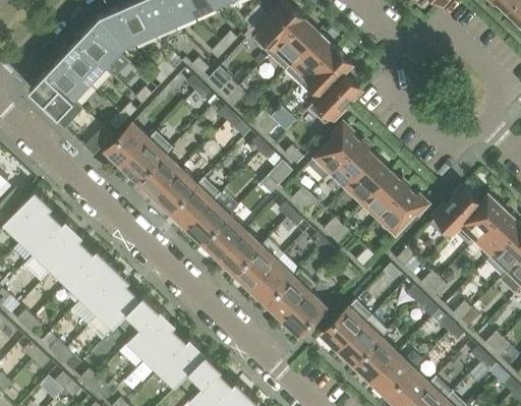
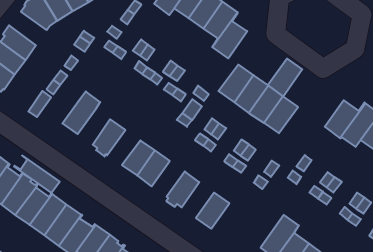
building: [78,26,120,70] -> none
building: [107,125,150,169] -> none
building: [138,157,181,199] -> none
building: [171,180,220,229] -> none
building: [381,189,424,234] -> [268,59,302,97]
building: none -> [14,156,60,193]
building: [219,232,262,275] -> none
building: [251,263,293,306] -> none
building: [283,293,326,337] -> none
building: [323,301,372,352] -> none

